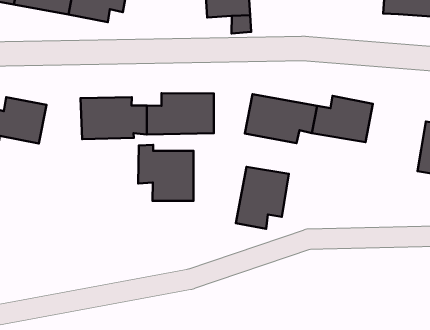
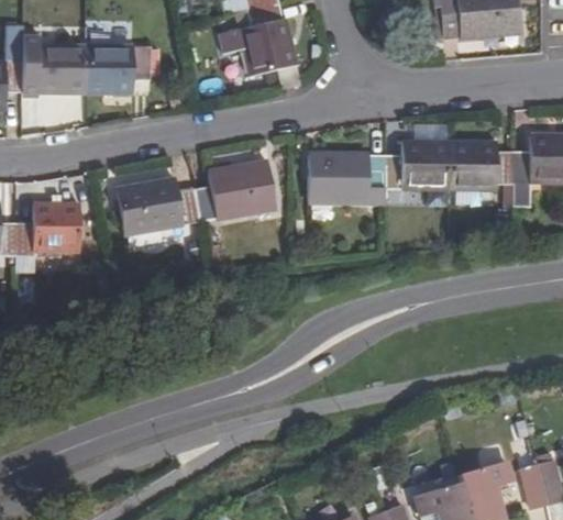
building: none -> [451,142,516,188]
building: [138,145,194,201] -> none
building: [236,167,289,229] -> none

